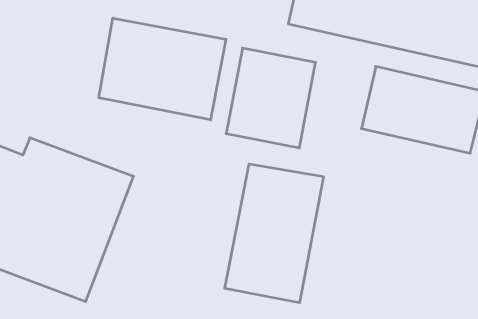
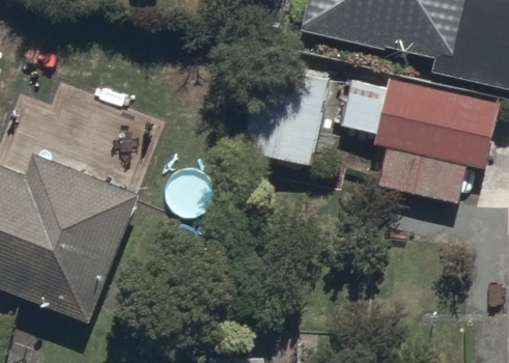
building: [99,18,226,120] -> none
building: [225,164,323,303] -> none

